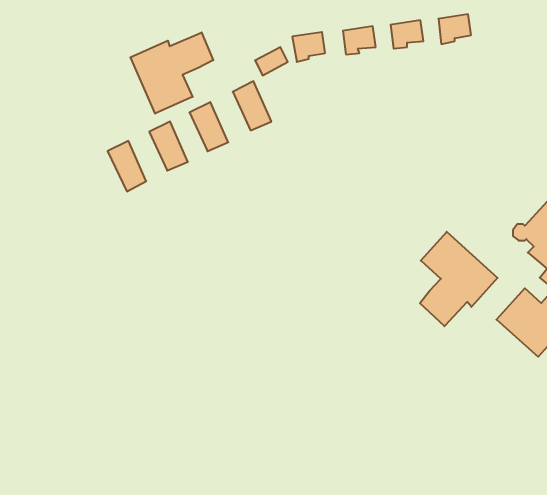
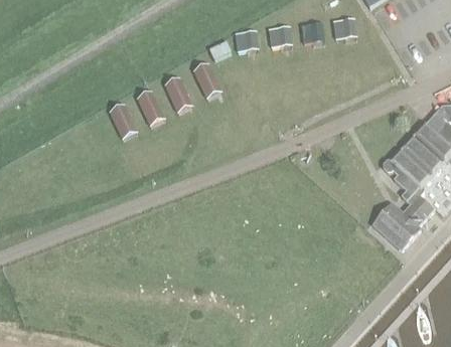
building: [130,32,213,114] -> none
building: [420,232,498,326] -> none

